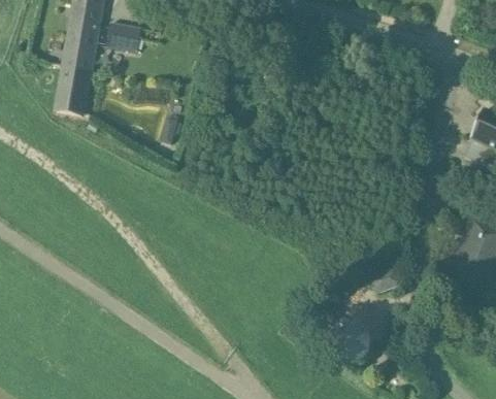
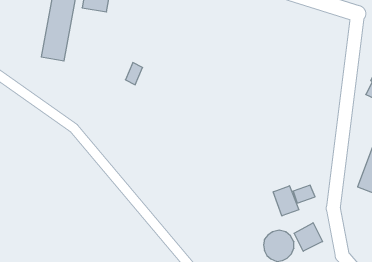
building: none -> [273,186,299,216]
building: none -> [294,223,323,251]

